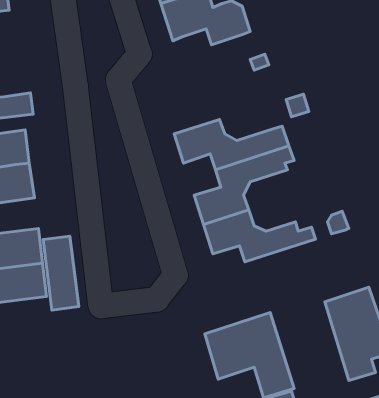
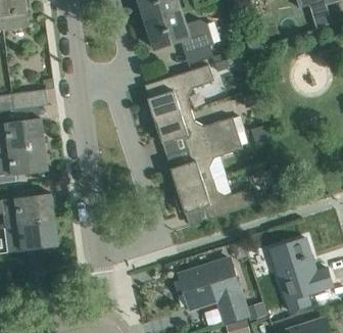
building: none -> [147,65,213,122]
building: [43,236,79,310] -> none

